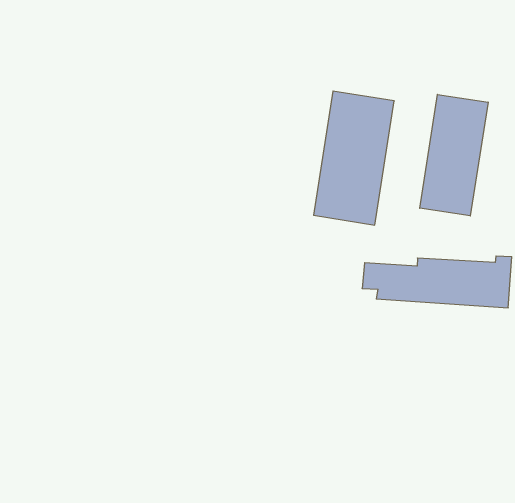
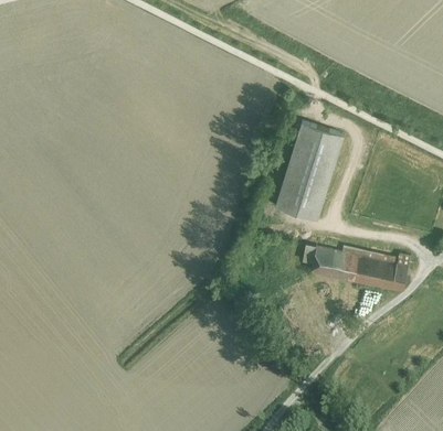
building: [420,94,488,216] -> none

